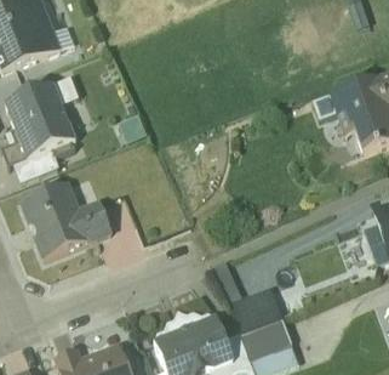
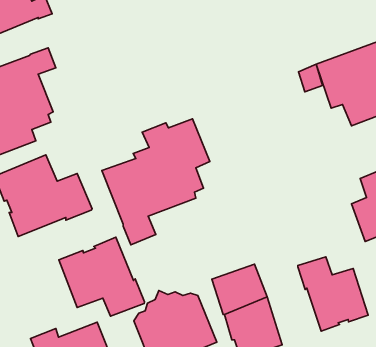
building: none -> [102,119,210,245]
building: none -> [59,237,144,316]
building: none -> [298,257,368,331]

